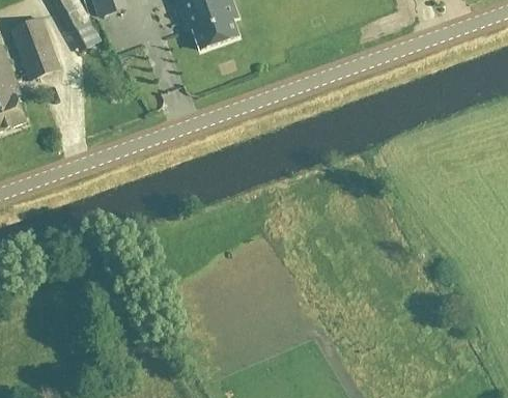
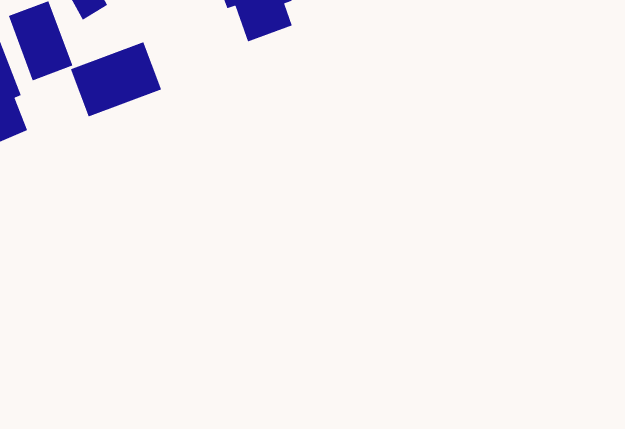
building: none -> [70,41,162,118]

